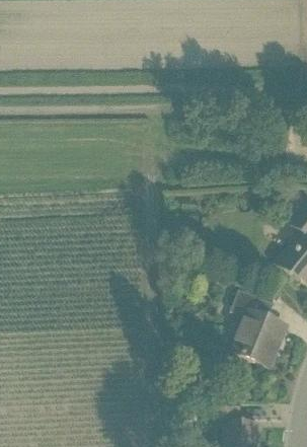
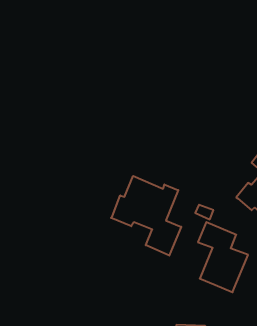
building: none -> [111,176,181,256]

